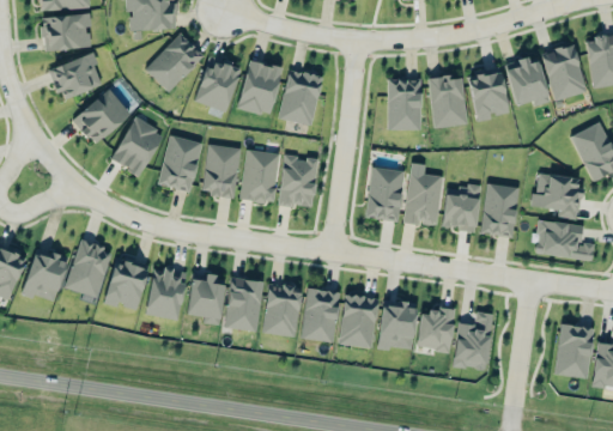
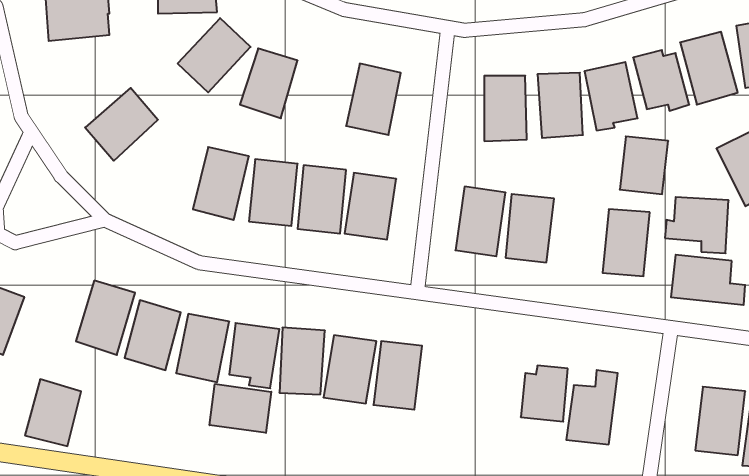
building: [49,53,104,101] -> none
building: [238,60,283,116] -> none
building: [110,117,164,176] -> none
building: [442,186,480,231] -> [620,136,668,194]
building: [23,249,67,302] -> [25,379,81,446]
building: [339,295,378,348] -> none
building: [378,302,417,351] -> none
building: none -> [210,384,271,433]

